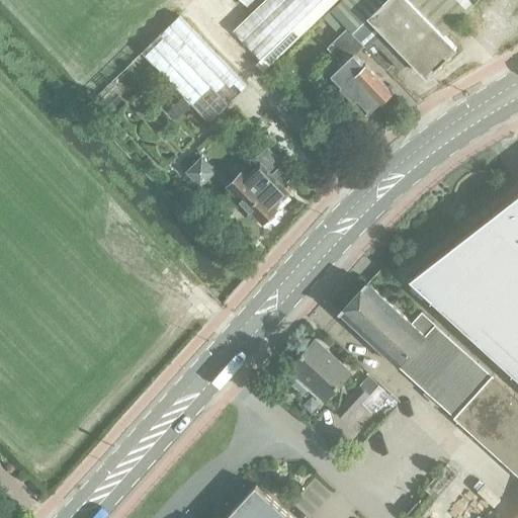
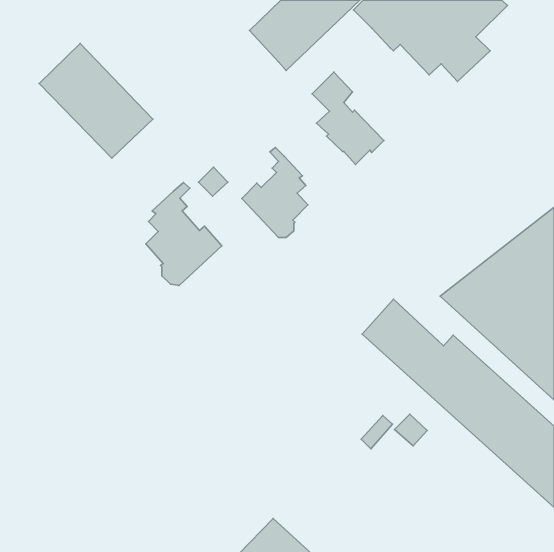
building: [140,15,246,122] -> [39,43,153,158]
building: [327,28,394,114] -> [312,72,384,164]
building: none -> [146,182,222,285]
building: [288,342,348,404] -> none

